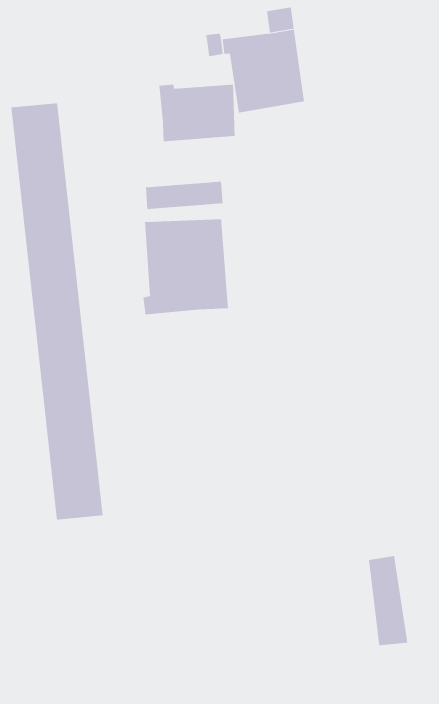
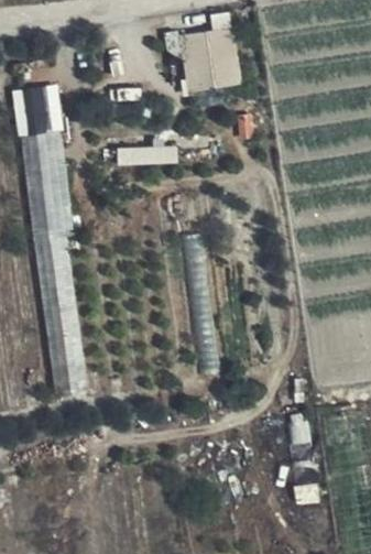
building: [159,84,235,142] -> none
building: [143,218,228,315] -> none

